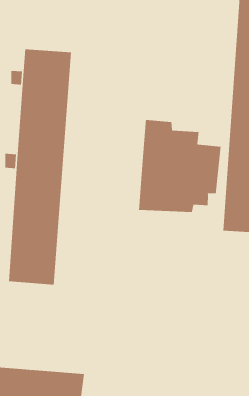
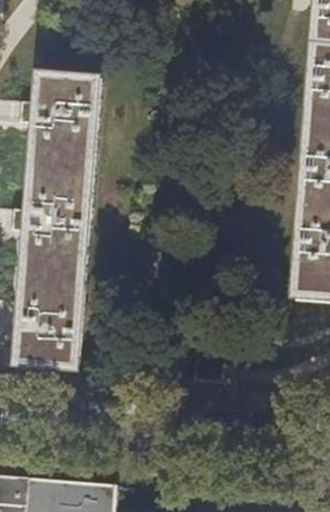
building: [139,119,221,213] -> none

